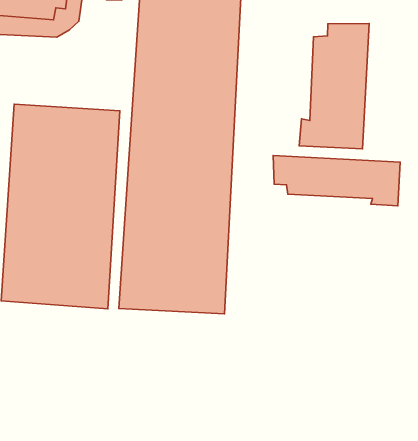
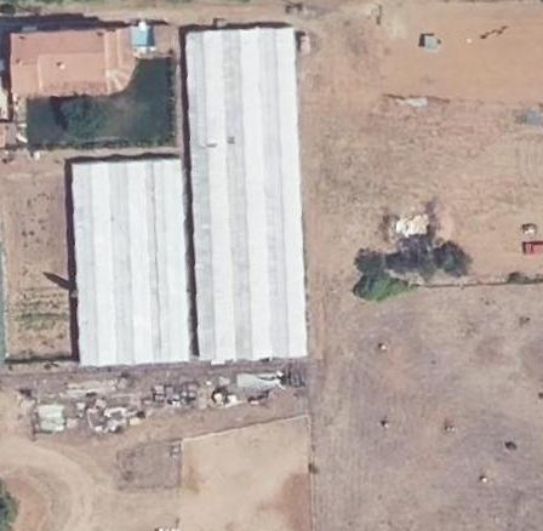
building: [299,23,369,149] -> none
building: [273,156,400,206] -> none

